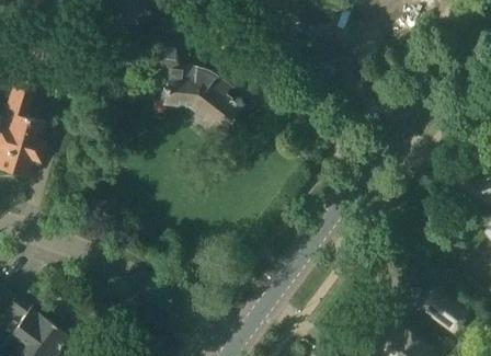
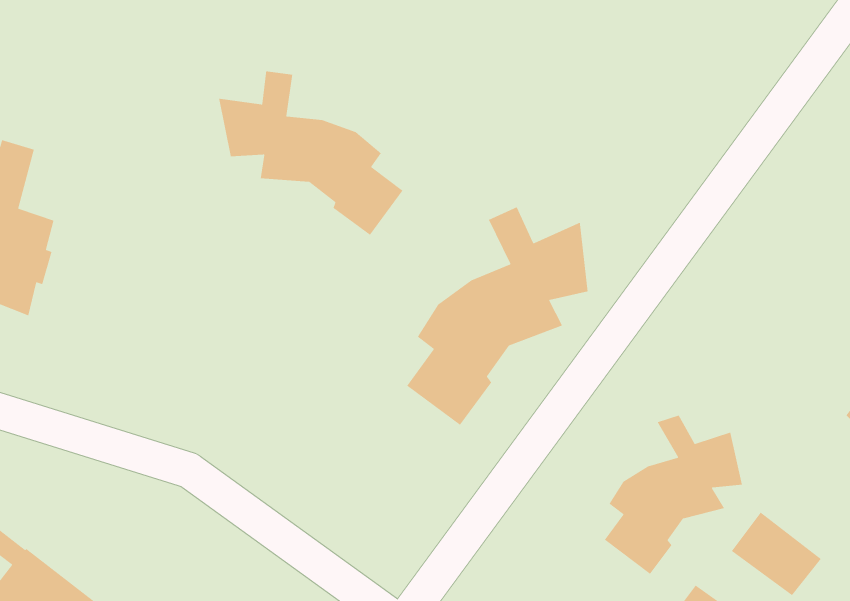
building: none -> [406,206,589,426]
building: none -> [604,414,743,575]

